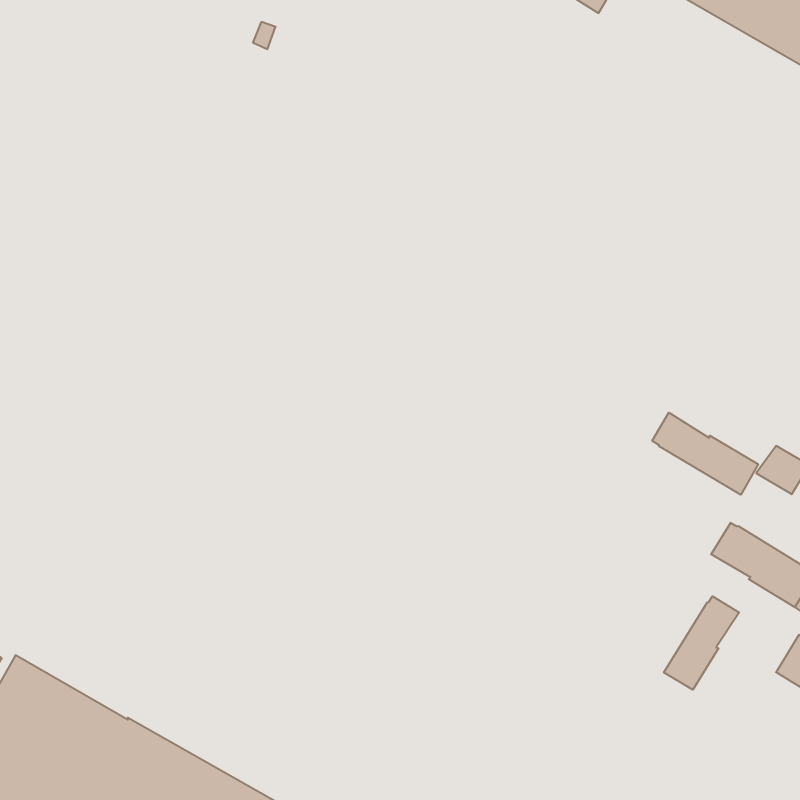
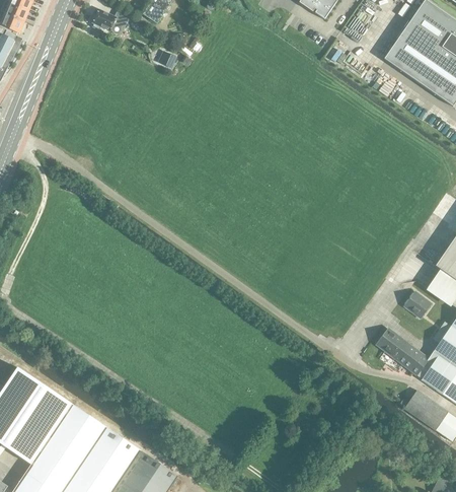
building: [652,413,758,495] -> none
building: [664,596,739,690] -> none

